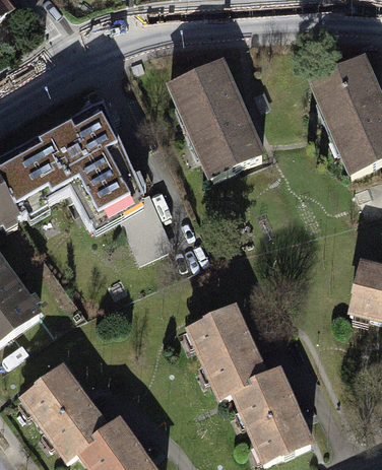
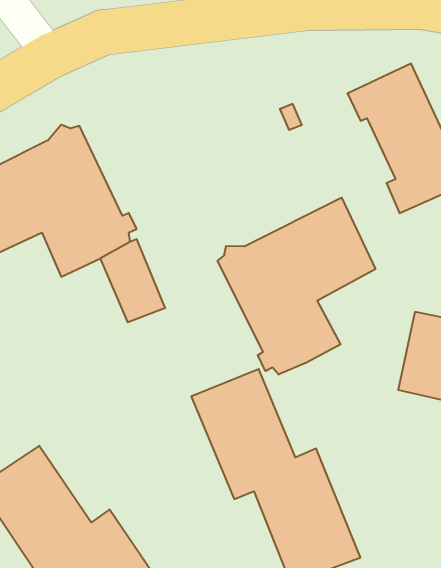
building: [166,63,259,180] -> none
building: none -> [218,198,375,375]

